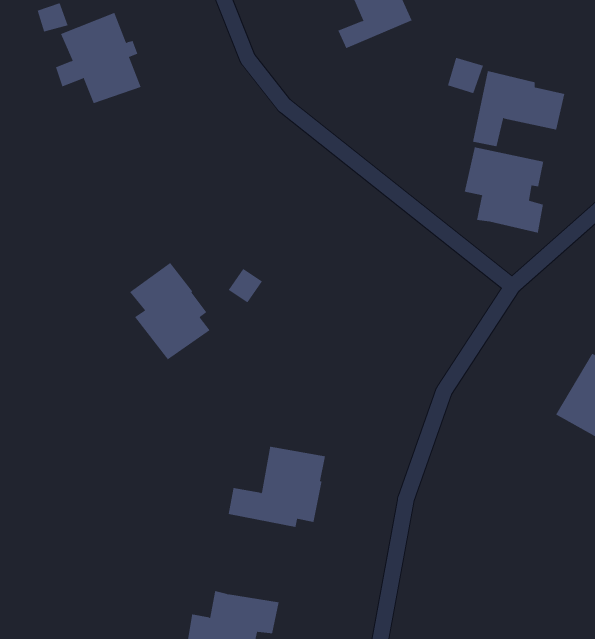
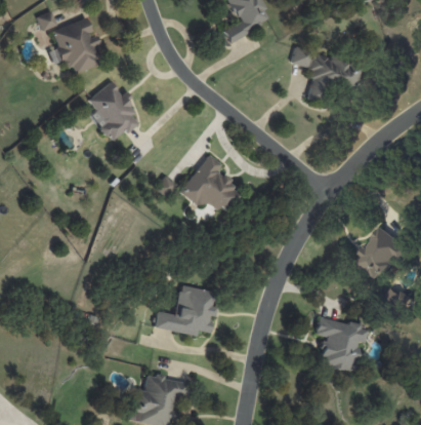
building: [464,147,544,233] -> none
building: none -> [181,153,238,216]
building: [129,262,211,360] -> [87,80,137,141]
building: none -> [315,317,367,371]

